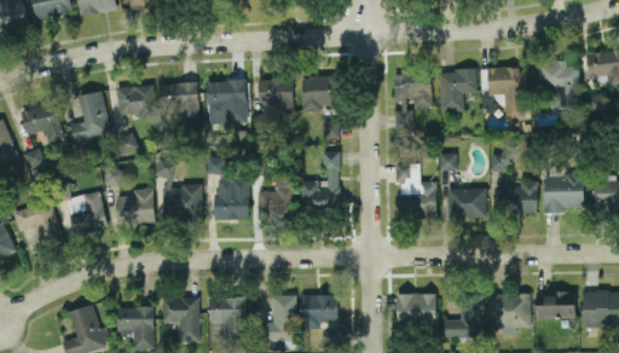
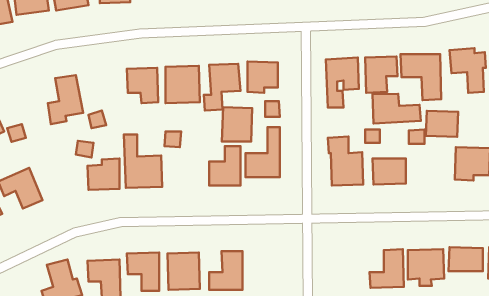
building: [116,86,156,121] -> none
building: [21,103,64,144] -> none
building: none -> [372,94,421,124]
building: [214,179,249,219] -> [222,107,252,142]
building: [501,183,538,213] -> [426,111,458,137]
building: [66,191,109,238] -> none
building: [397,294,436,325] -> none
building: [301,295,339,330] -> none

